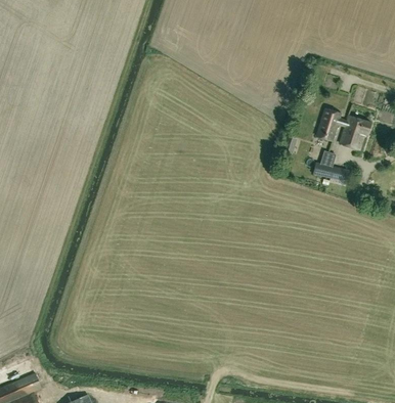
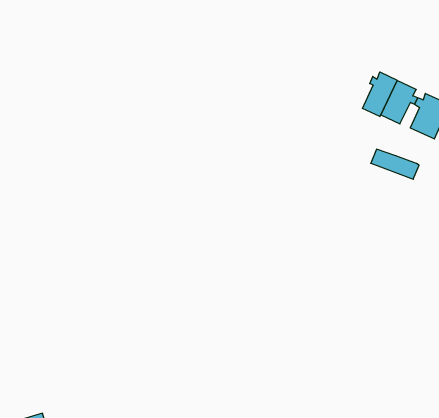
building: none -> [363,72,397,117]

